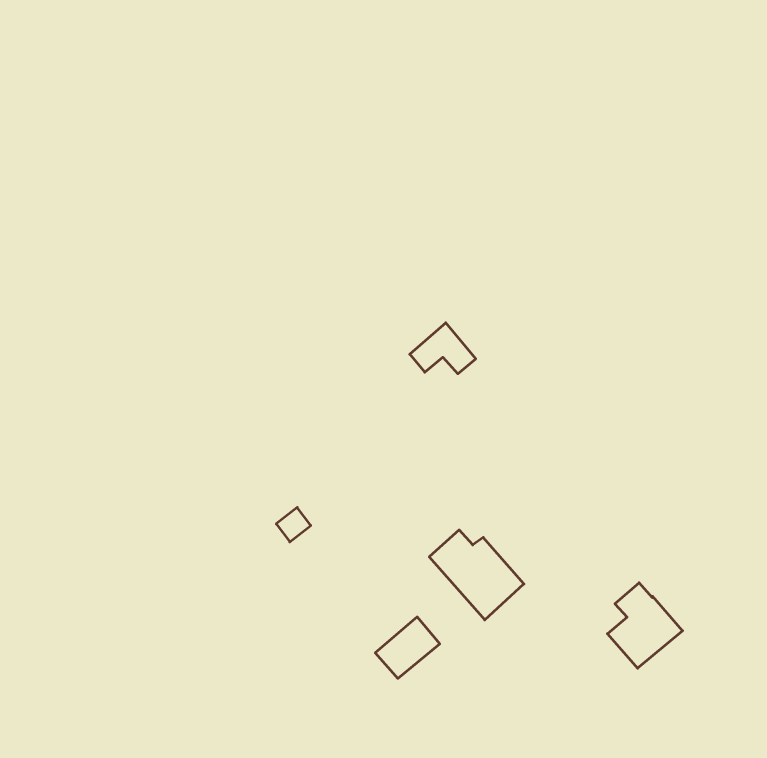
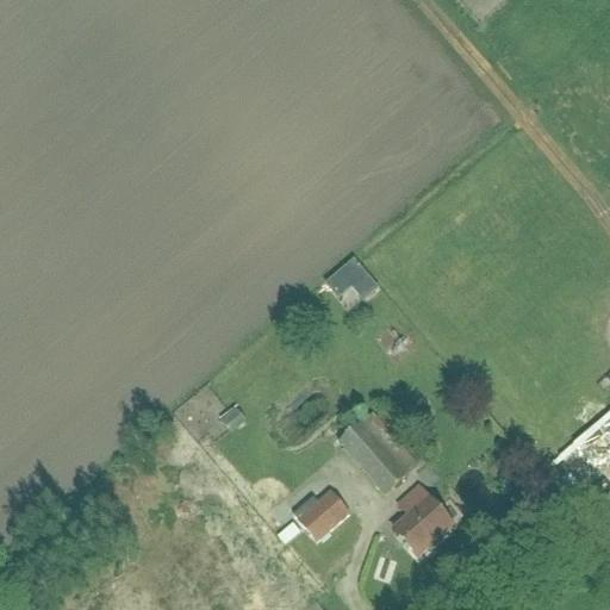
building: [607,583,683,668] -> [393,486,453,554]

